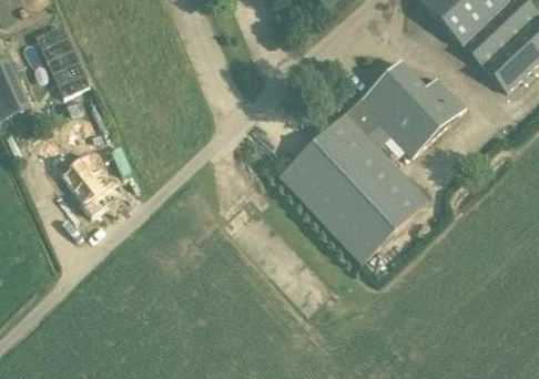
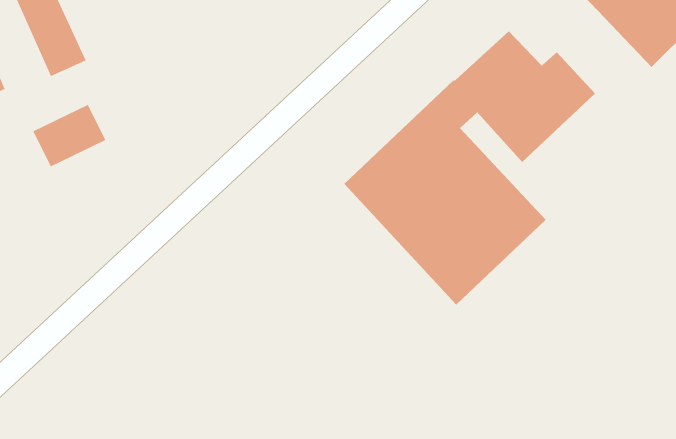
building: [65,151,128,216] -> none

